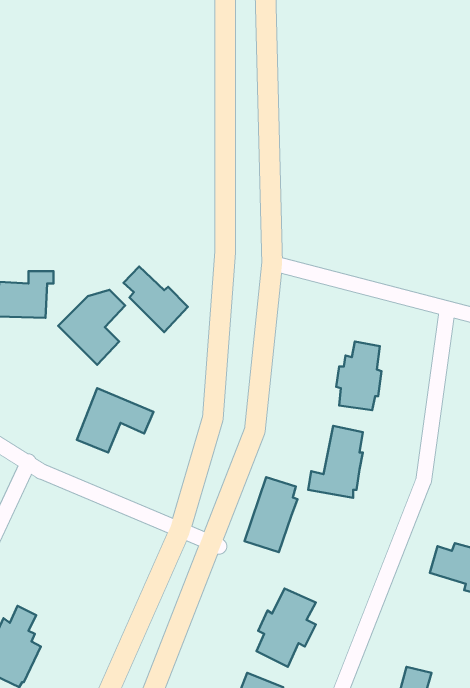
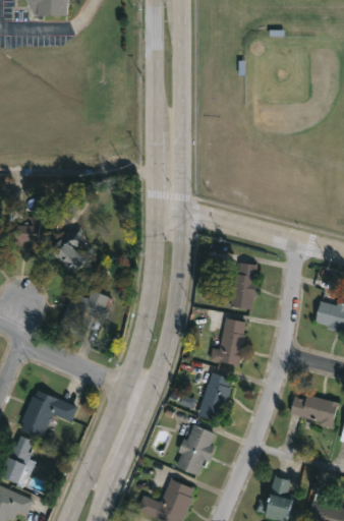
building: [124,267,188,332] -> none
building: [244,477,297,552] -> [198,371,233,420]
building: none -> [18,390,77,439]

